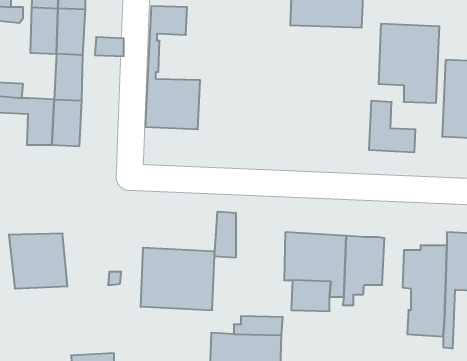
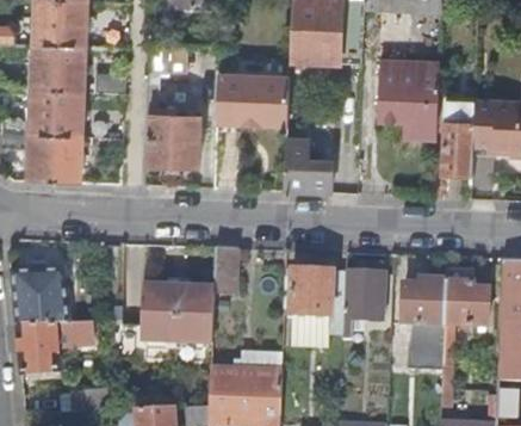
building: none -> [219,74,289,124]
building: none -> [30,88,57,135]
building: [369,101,416,152] -> [284,141,330,192]
building: none -> [15,320,93,372]

